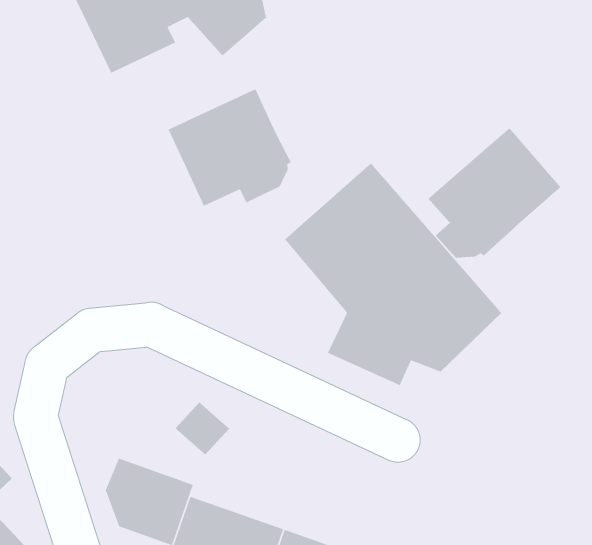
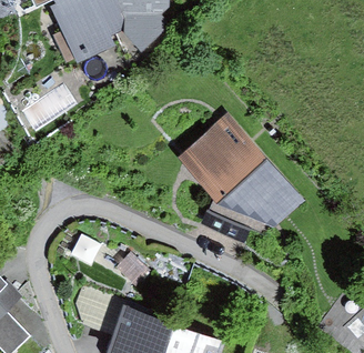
building: [167,88,292,207] -> none
building: [428,127,562,258] -> none

